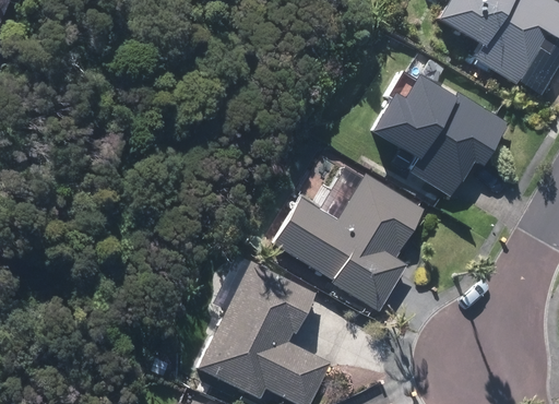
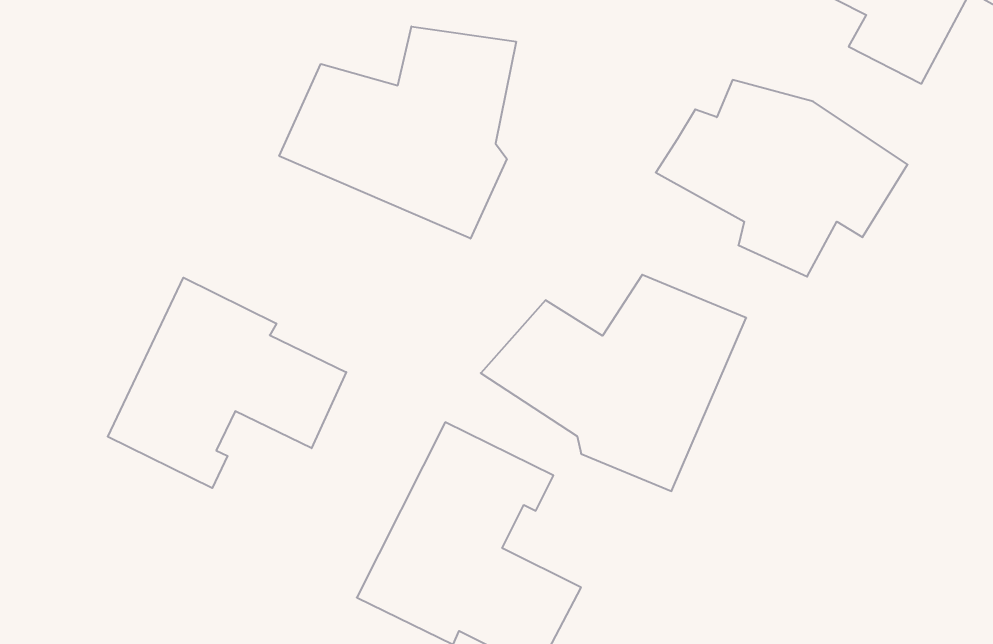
building: none -> [279,26,516,239]
building: none -> [108,278,346,488]

